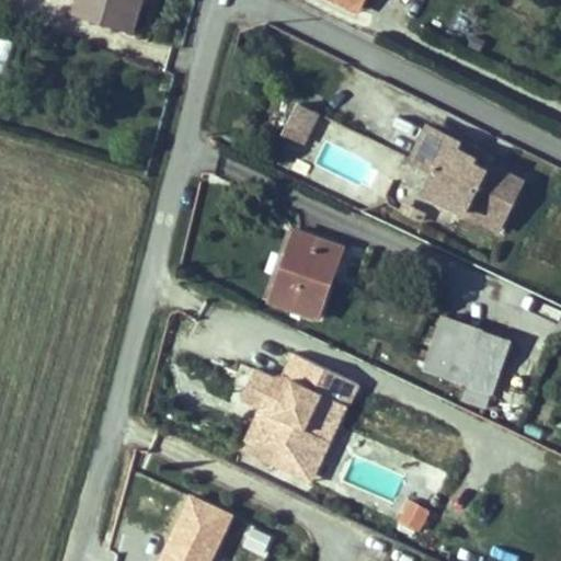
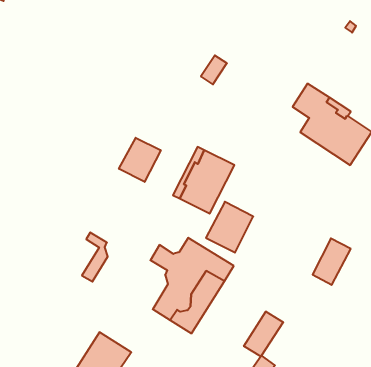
building: none -> [119,138,161,182]
building: [423,318,483,385] -> [206,202,253,253]
building: [240,391,272,457] -> [82,232,108,282]
building: none -> [244,311,283,356]

